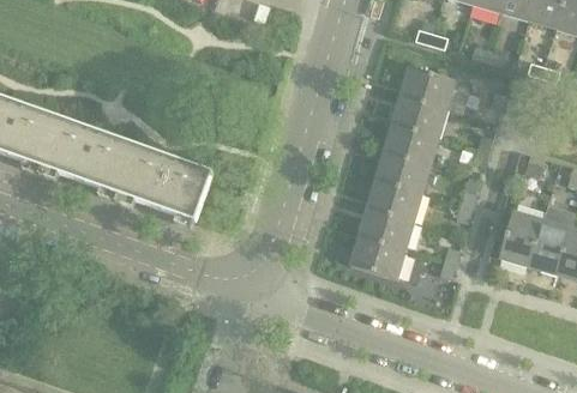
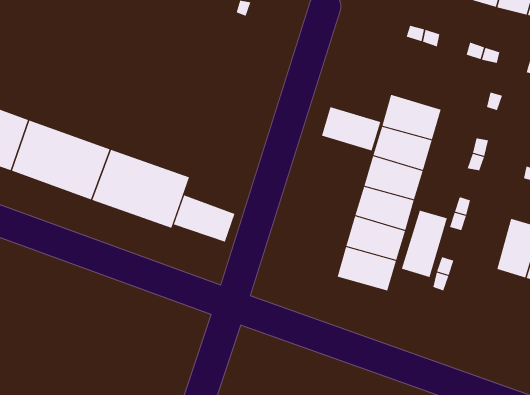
building: [399,66,456,108] -> [321,106,381,151]
building: none -> [173,195,235,242]
building: none -> [401,210,448,278]

